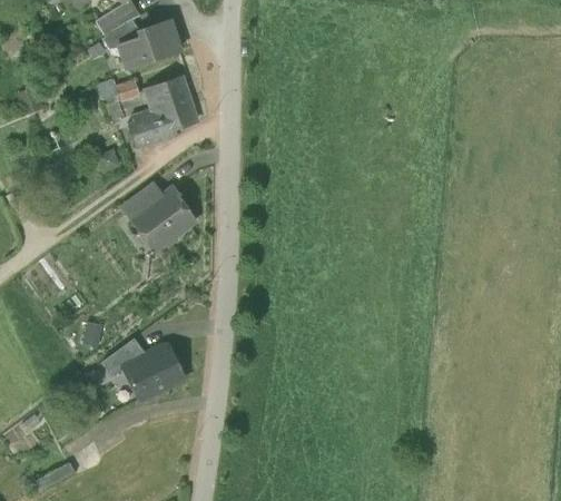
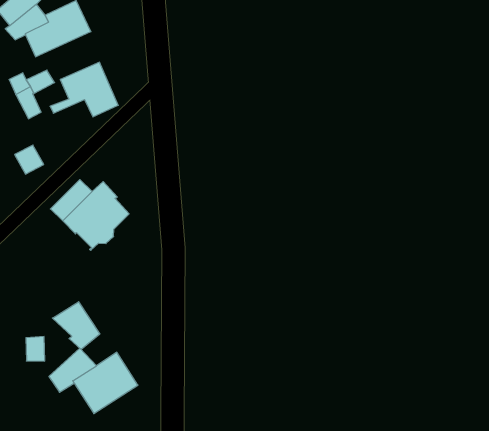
building: [129,112,177,147] -> none
building: none -> [52,302,100,350]

